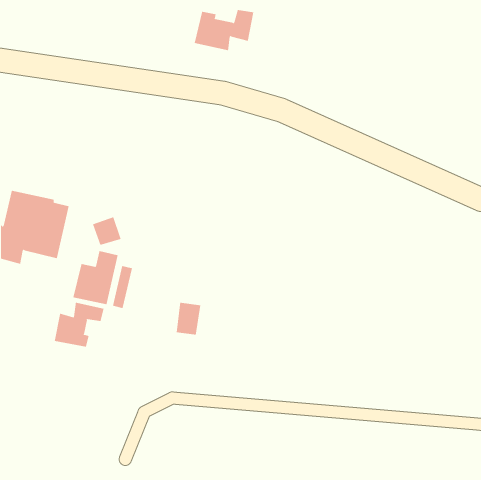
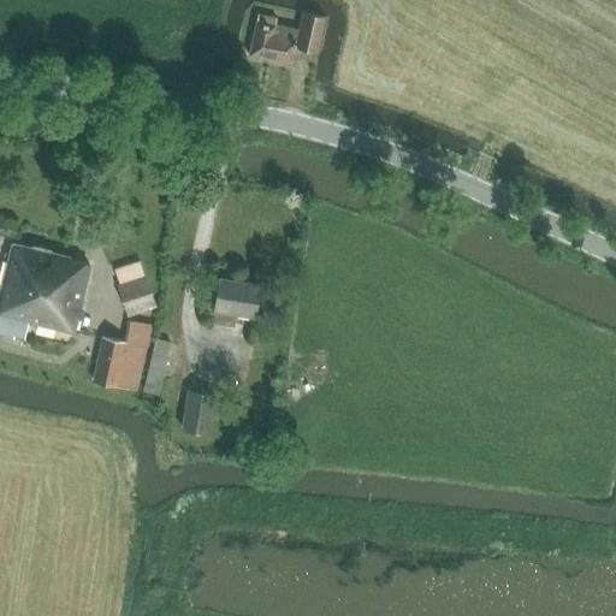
building: none -> [211,278,262,328]
building: [54,302,104,348] -> none
building: [176,302,201,335] -> [182,392,214,434]

